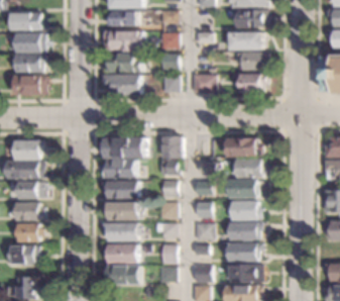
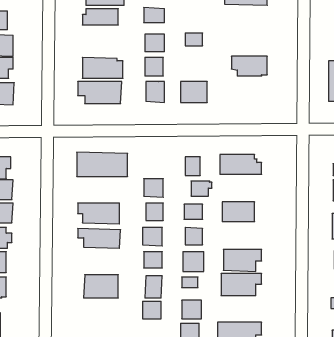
building: [234,10,267,27] -> none
building: [103,31,142,51] -> none
building: [229,32,262,49] -> none
building: [239,74,266,93] -> none
building: [161,135,181,159] -> none
building: [236,158,262,178] -> none
building: [101,159,136,178] -> none
building: [227,200,261,220] -> none
building: [102,223,137,241] -> none
building: [229,264,262,283] -> none
building: [102,266,140,285] -> none

